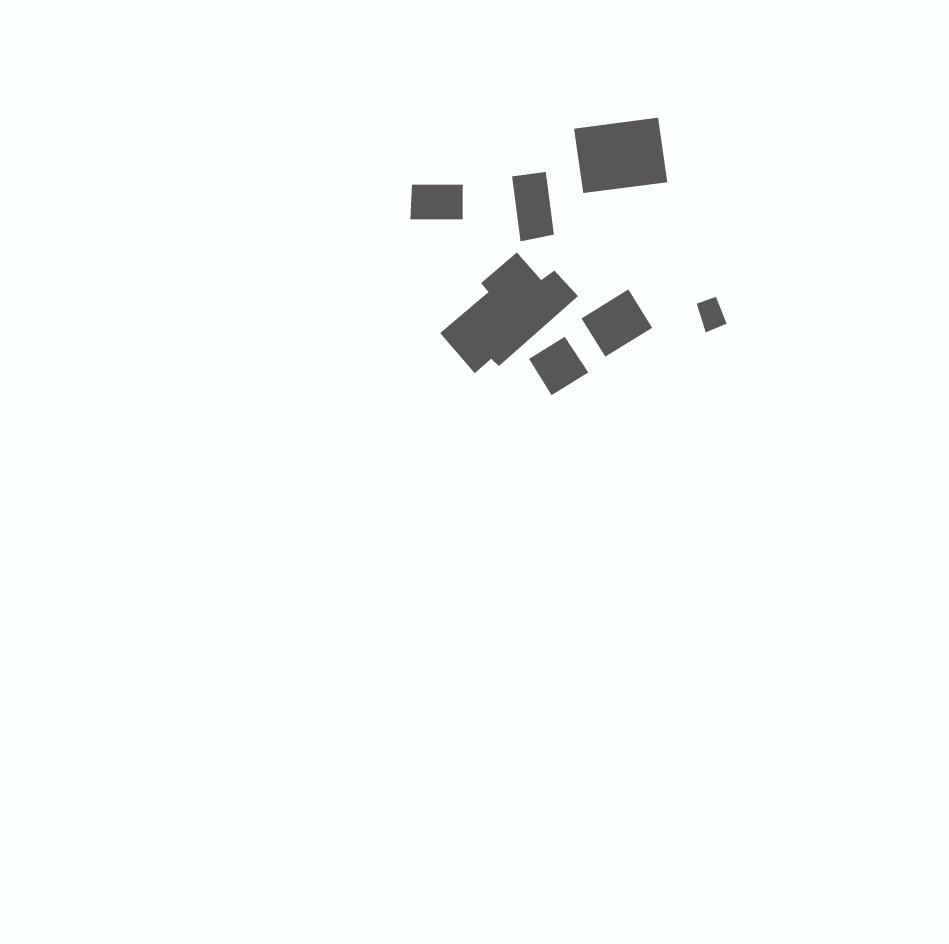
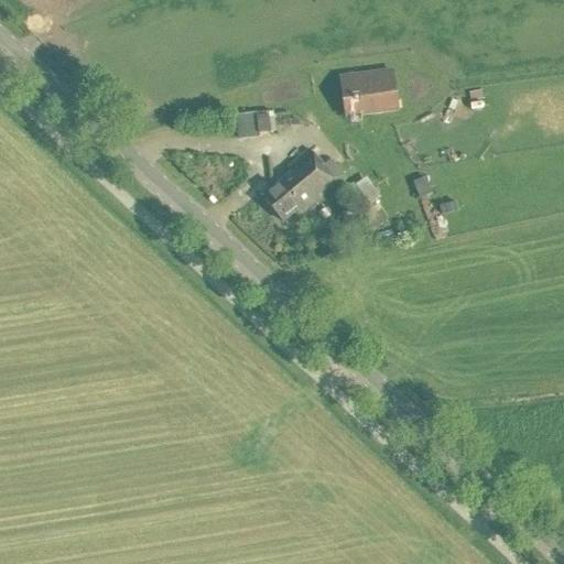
building: [512,171,554,242] -> none
building: [528,336,589,396] -> none

